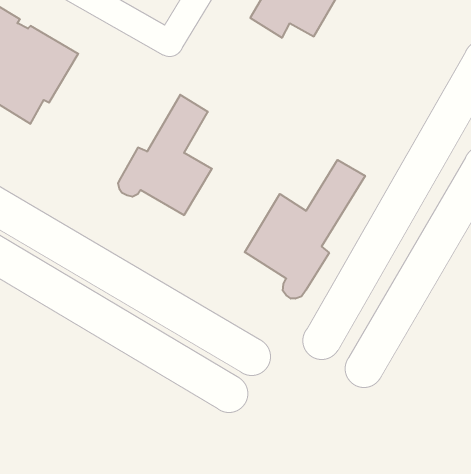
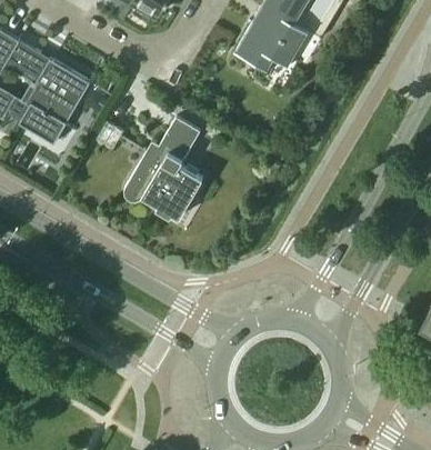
building: [245,160,365,299] -> none

